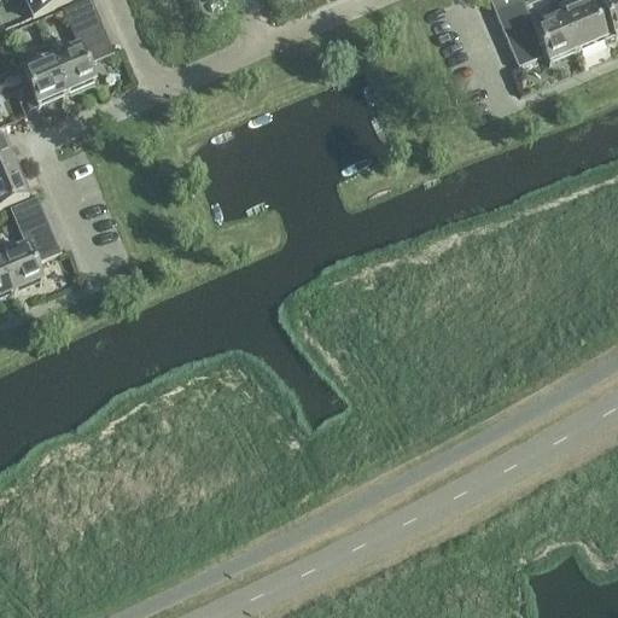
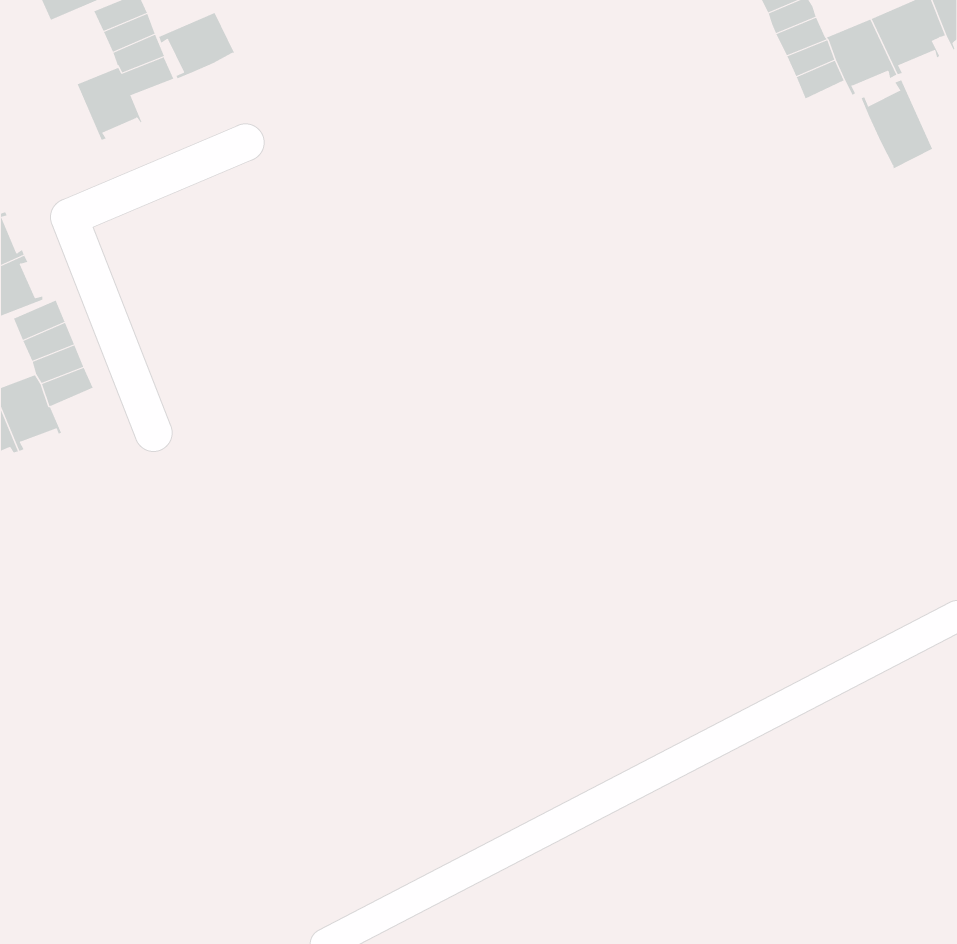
building: none -> [158,12,235,79]
building: none -> [861,79,933,169]
building: [22,54,65,103] -> none

